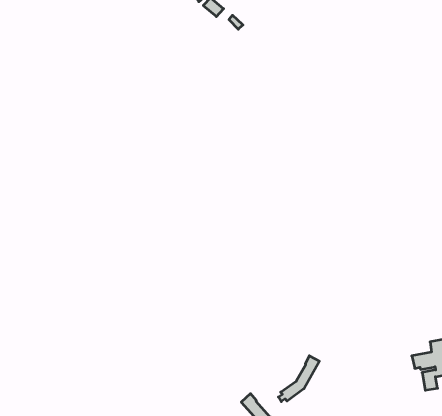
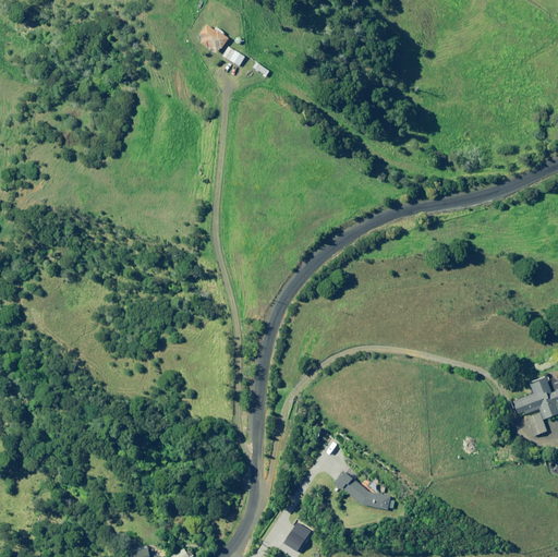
building: [278,356,319,402] -> none

